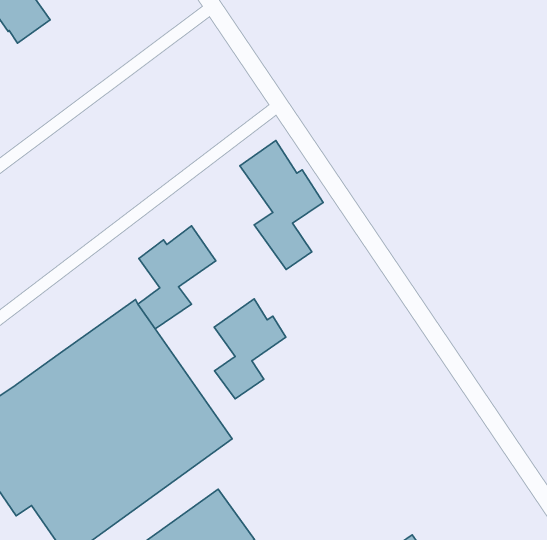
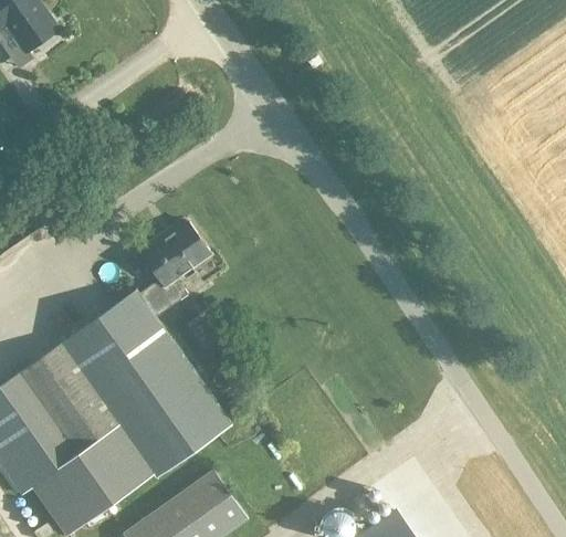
building: [240,141,323,269] -> none
building: [214,299,286,399] -> none

